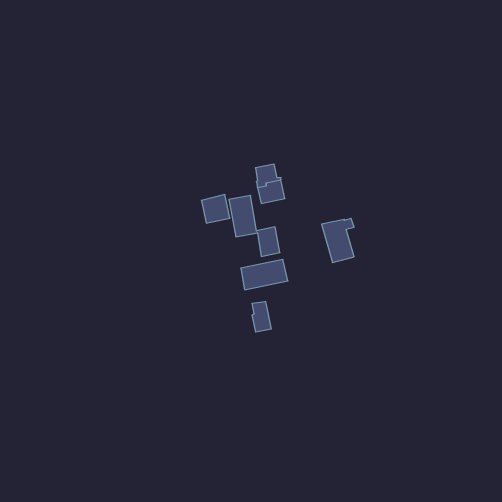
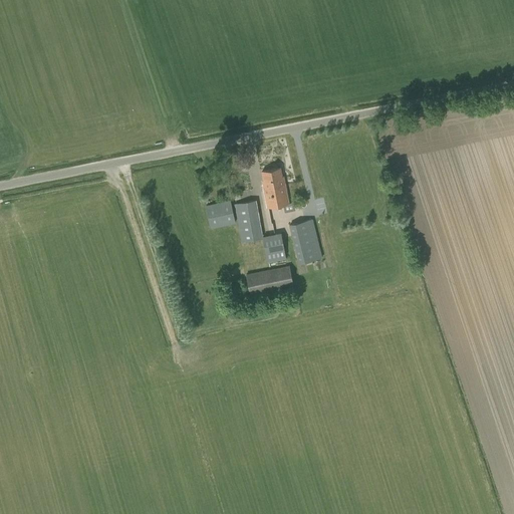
building: [322,218,354,263] -> [289,218,322,263]
building: [252,301,271,332] -> none

